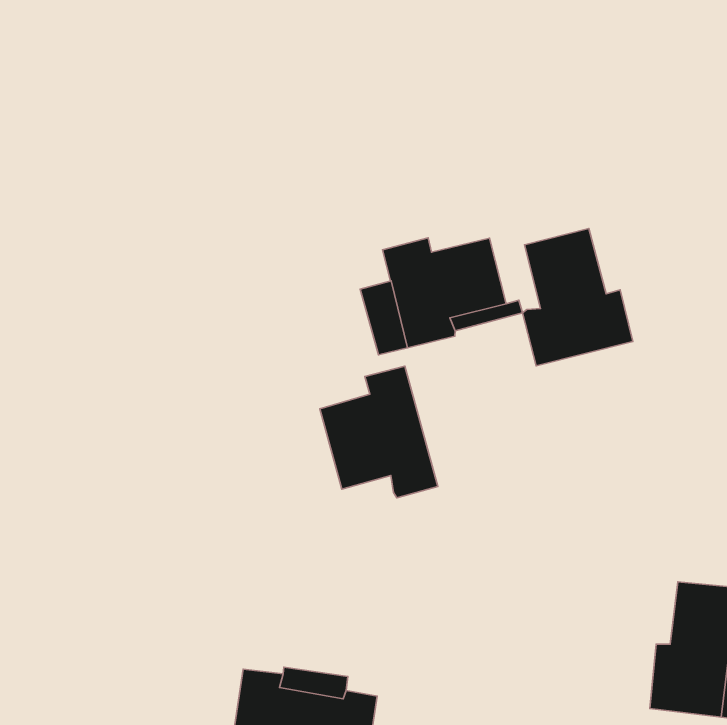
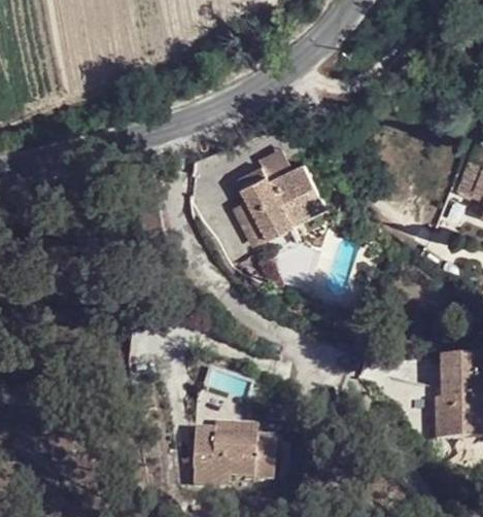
building: [523,229,633,366] -> none
building: [320,366,438,498] -> none

